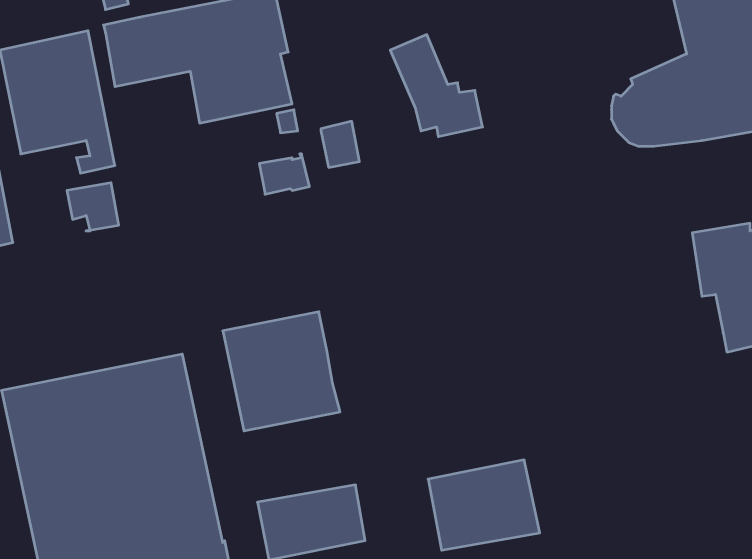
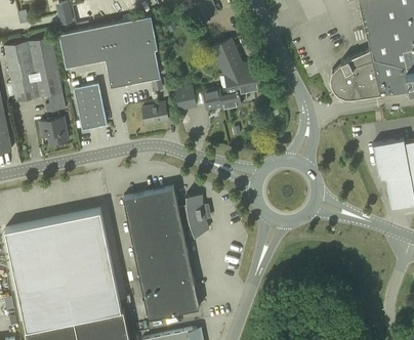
building: none -> [74,84,107,130]
building: none -> [204,89,241,110]
building: none -> [178,196,209,237]
building: [428,460,540,550] -> [134,241,194,289]

